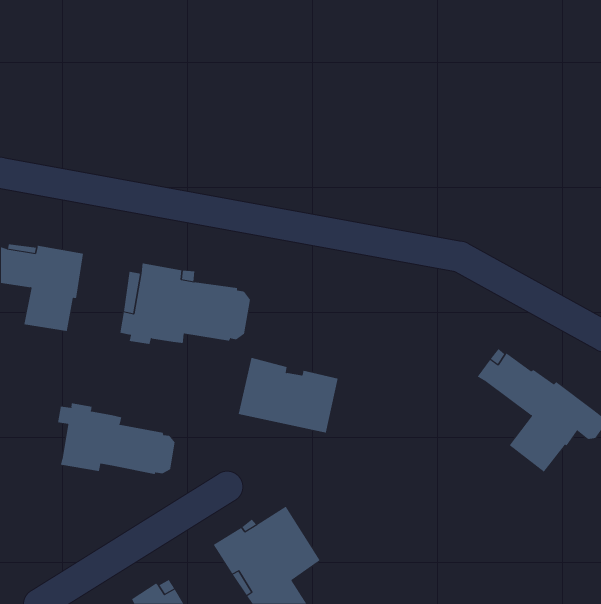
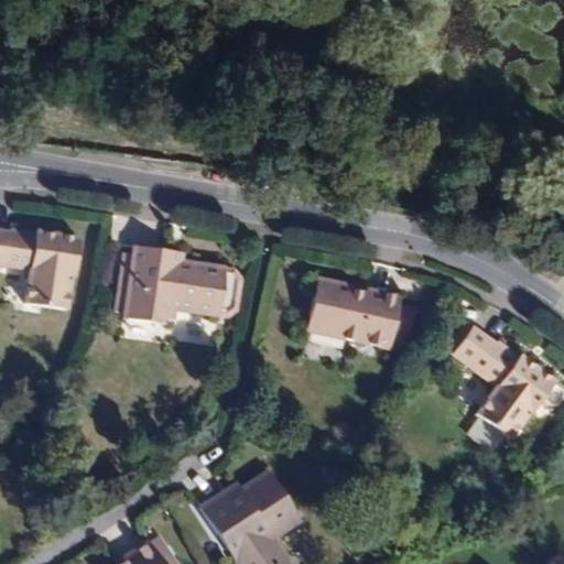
building: [238,357,338,433] -> [307,278,401,348]
building: [57,402,175,475] -> none

